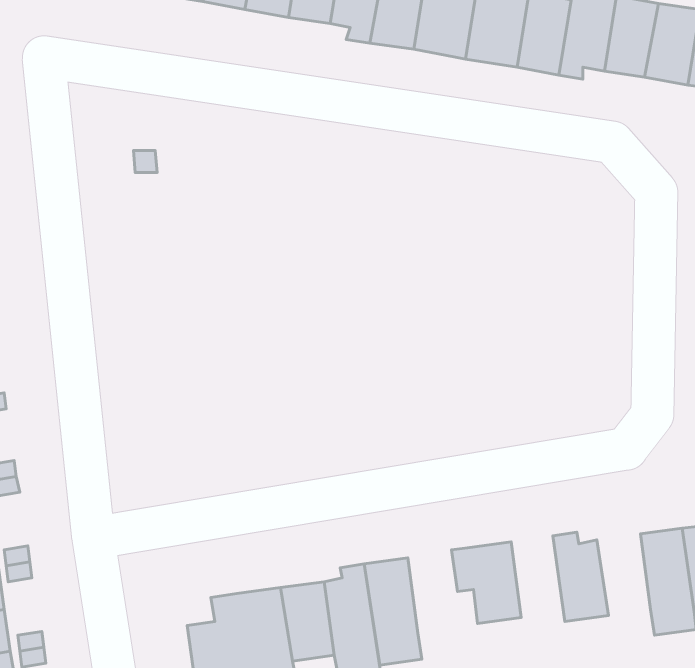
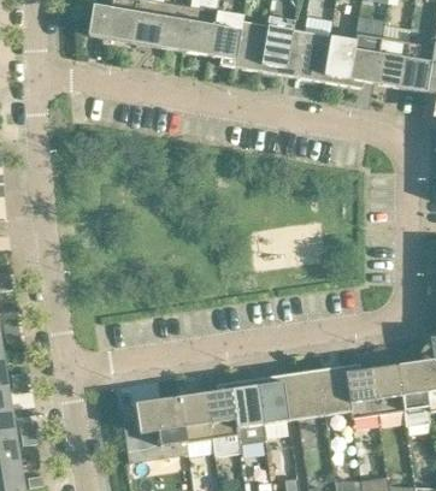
building: none -> [371,365,403,414]
building: none -> [319,366,352,418]
building: none -> [257,374,299,425]

